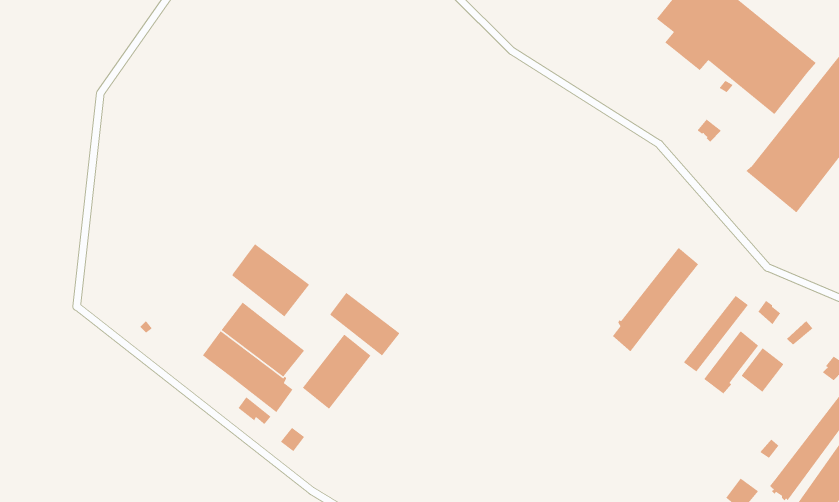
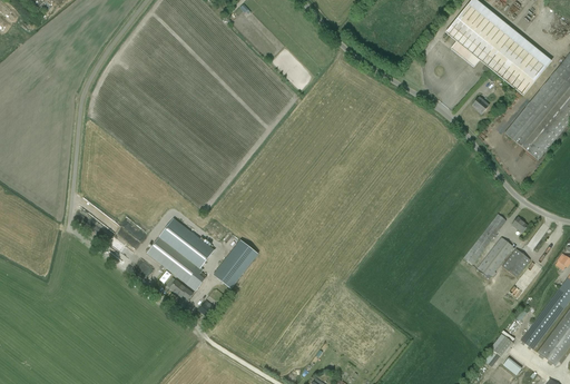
building: [231,243,310,318] -> none
building: [612,247,699,352] -> none
building: [329,292,400,357] -> none

